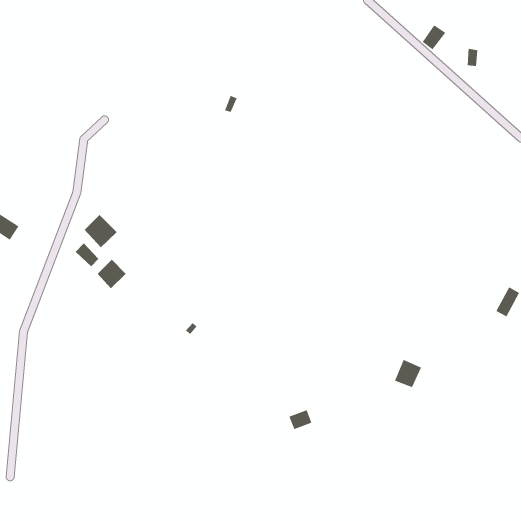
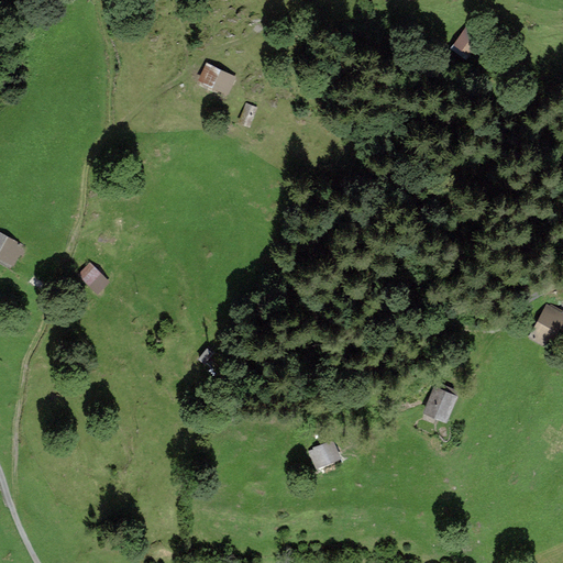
building: none -> [200,64,234,91]
building: [84,214,118,248] -> none
building: [97,259,127,289] -> none

